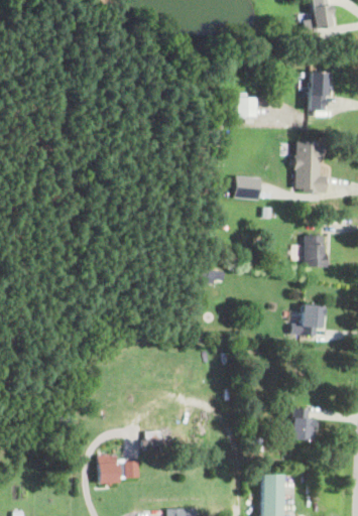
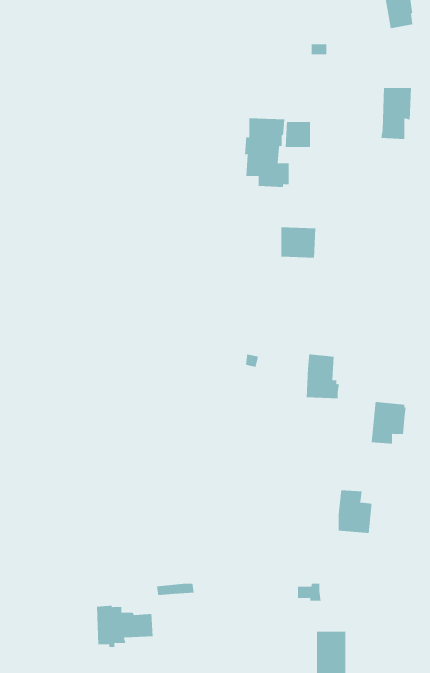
building: [294,142,328,194] -> [244,118,289,188]
building: [305,235,330,268] -> [306,354,340,399]
building: [292,409,318,441] -> [338,490,372,534]

